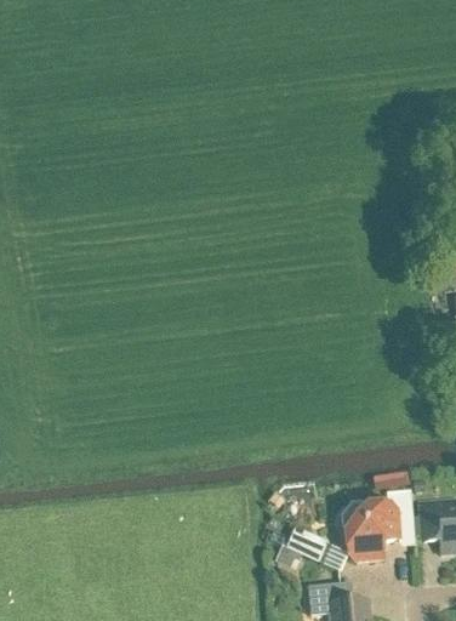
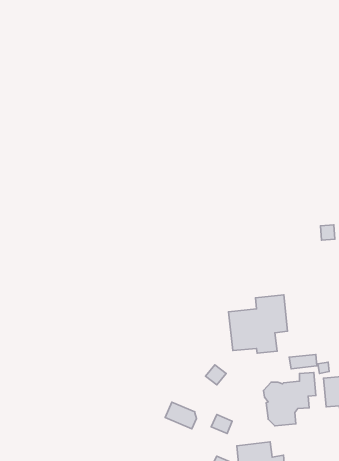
building: none -> [228,295,288,353]
building: [286,528,326,562] -> [165,402,197,429]

